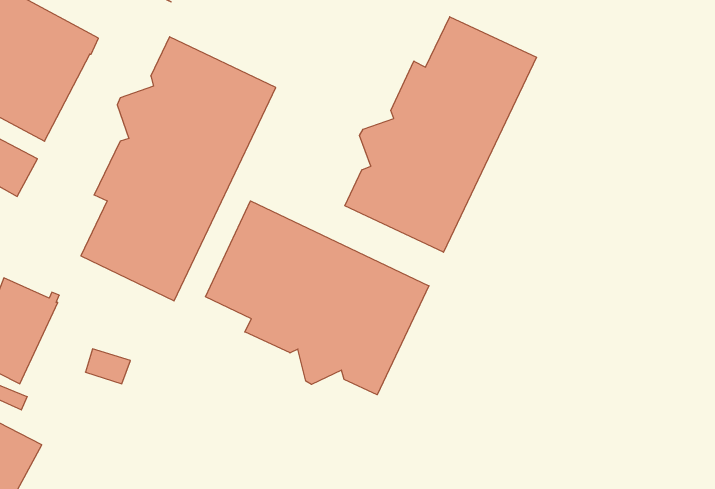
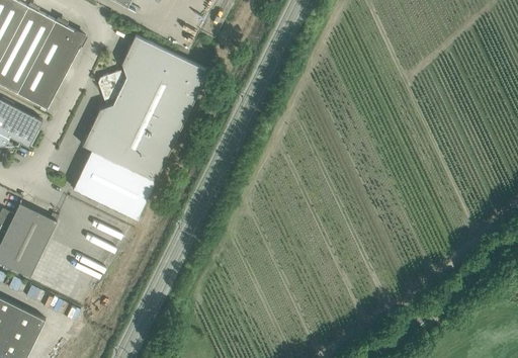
building: [345,17,536,252] -> none
building: [205,201,429,395] -> none

